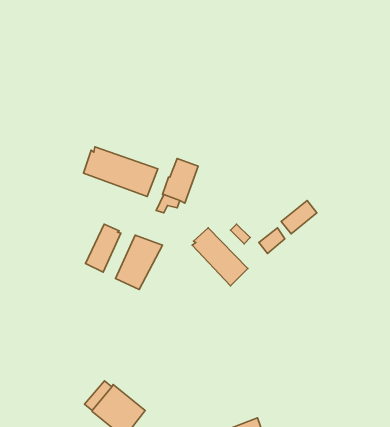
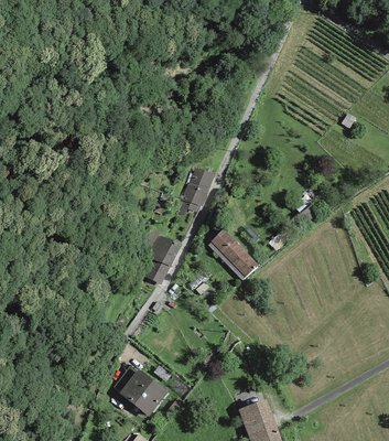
building: [84,147,158,197] -> none
building: [86,224,121,272] -> none

